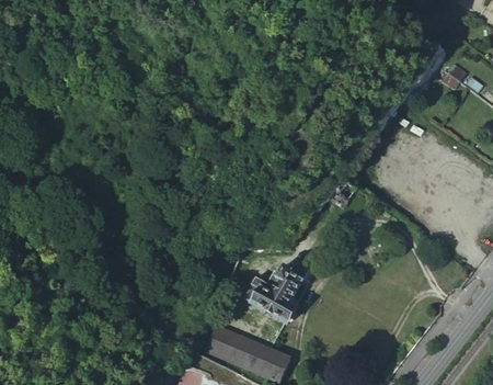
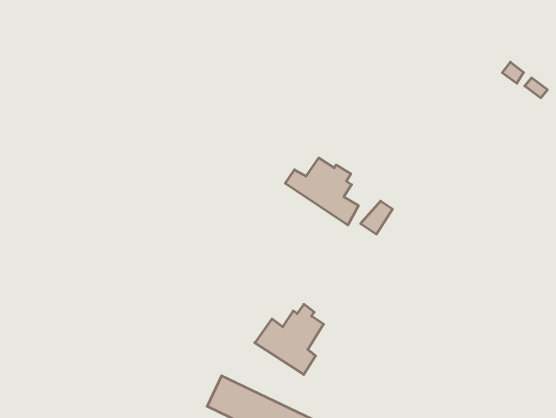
building: none -> [285,158,358,225]

